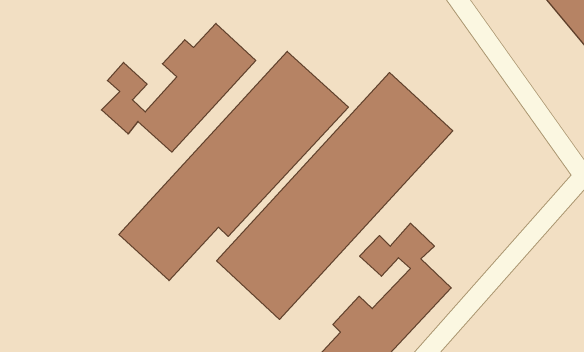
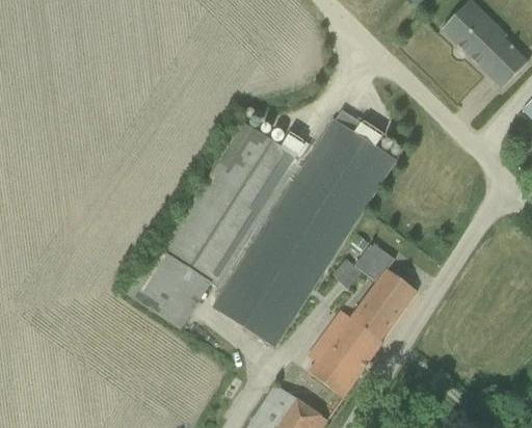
building: [101,23,256,152] -> none

